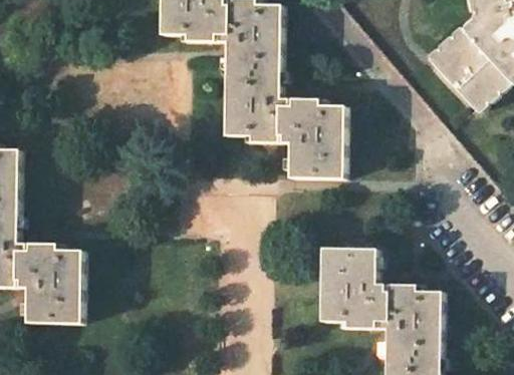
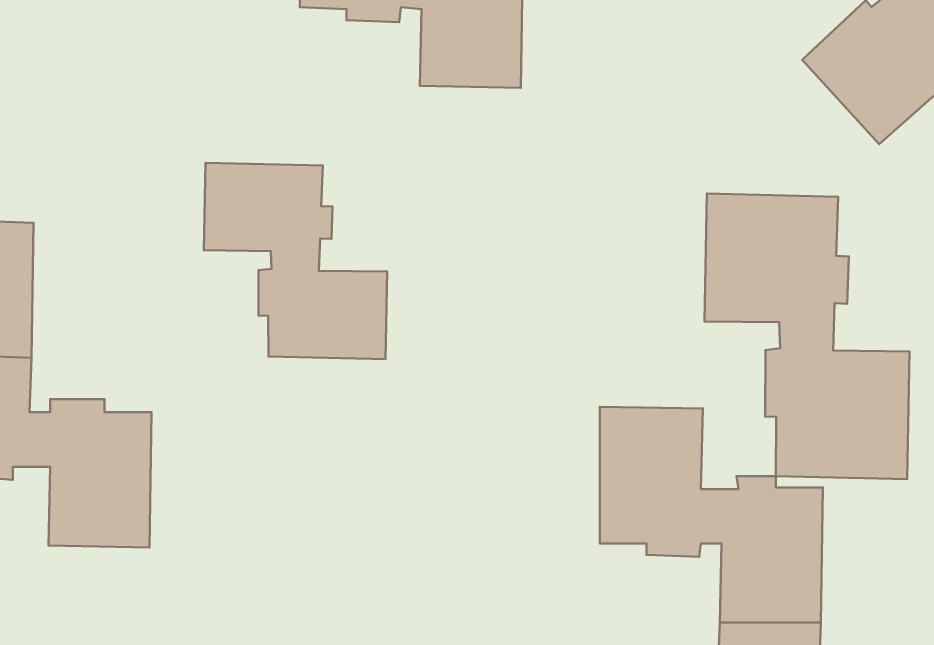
building: [224,75,344,177] -> none
building: none -> [204,163,387,359]
building: none -> [704,193,910,479]

